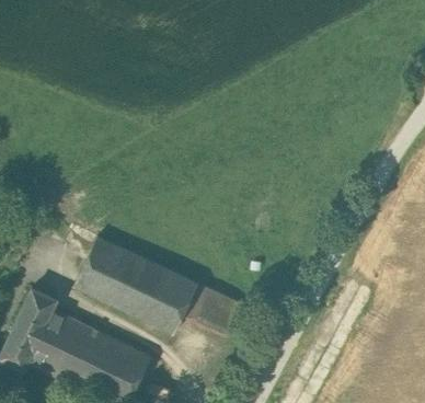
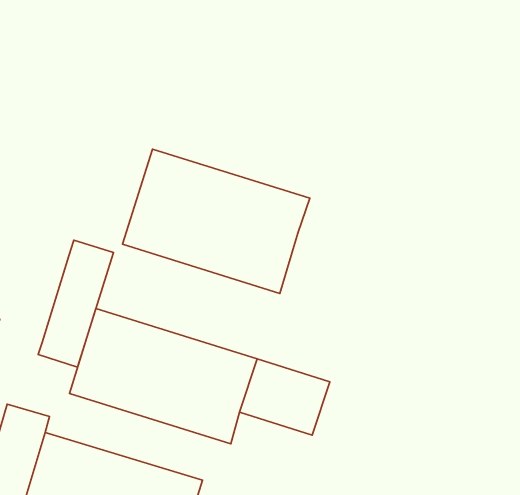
building: none -> [122,149,310,294]
building: none -> [38,240,113,367]

